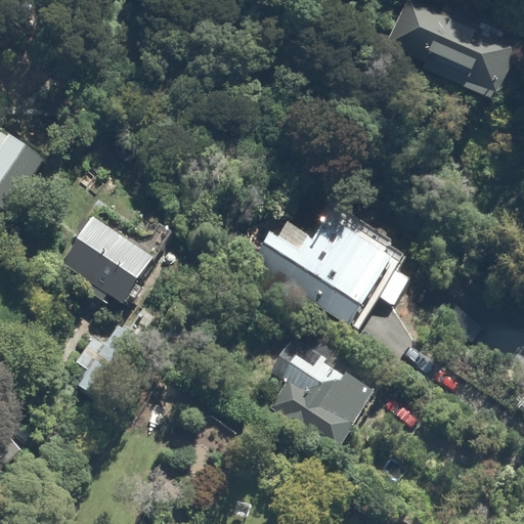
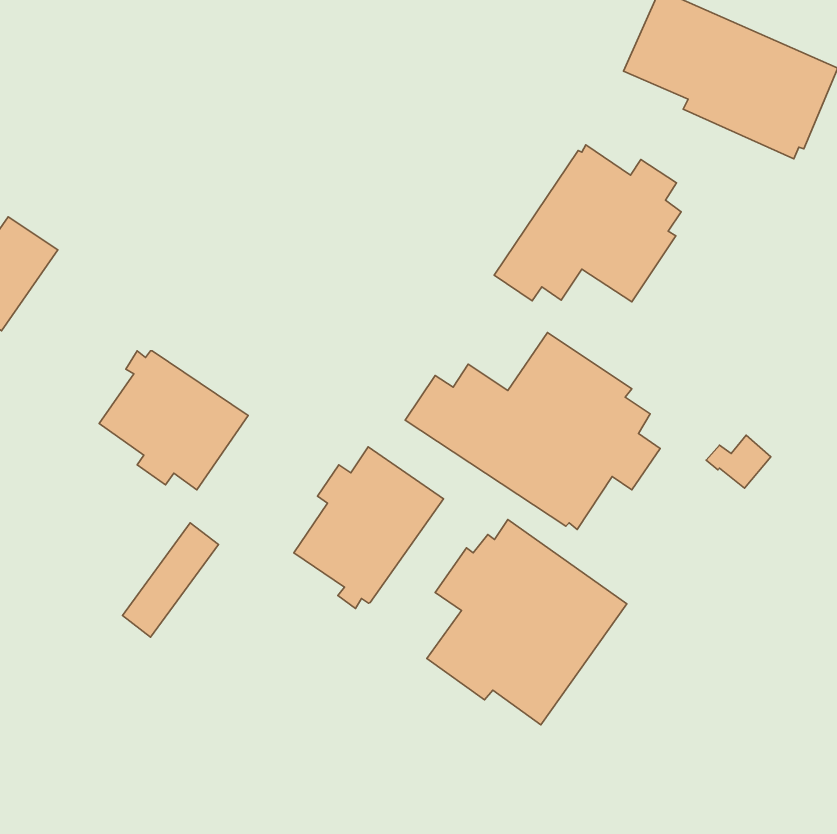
building: none -> [494,145,681,302]
building: none -> [294,447,444,609]

